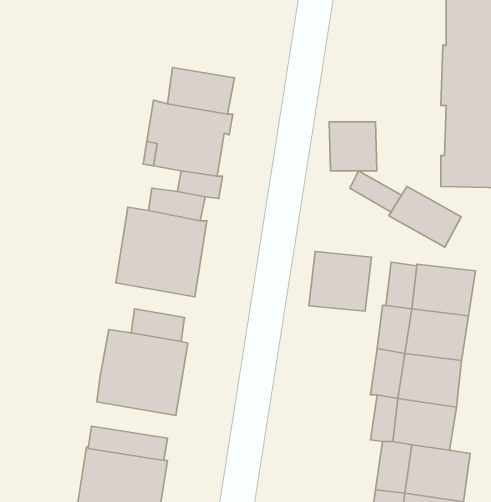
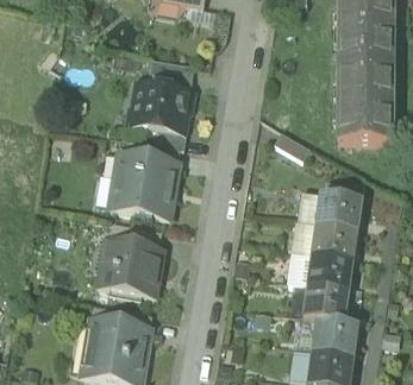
building: [329,122,377,171] -> none
building: [389,187,461,247] -> none
building: [309,252,372,311] -> none

